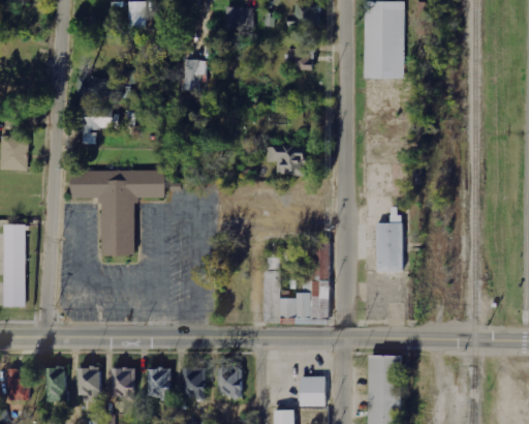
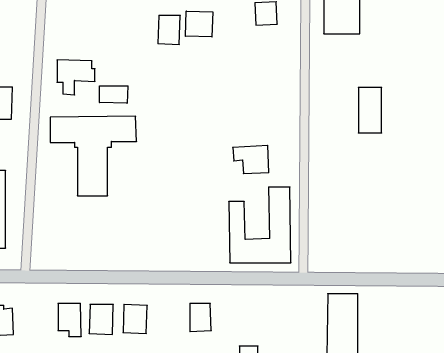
building: none -> [185,11,213,37]
building: none -> [100,86,128,103]
building: [268,145,306,175] -> [233,145,269,174]
building: [375,223,400,272] -> [358,87,382,133]
building: [48,367,68,401] -> none
building: [185,367,208,397] -> none
building: [298,375,322,404] -> none

